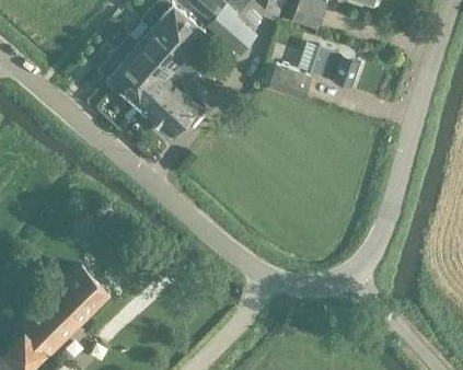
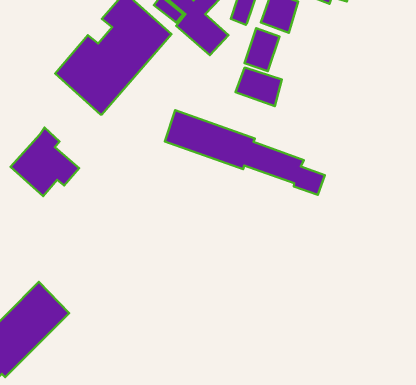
building: [309,48,357,86] -> none
building: [140,72,205,137] -> [11,127,79,196]
building: none -> [165,110,325,195]

